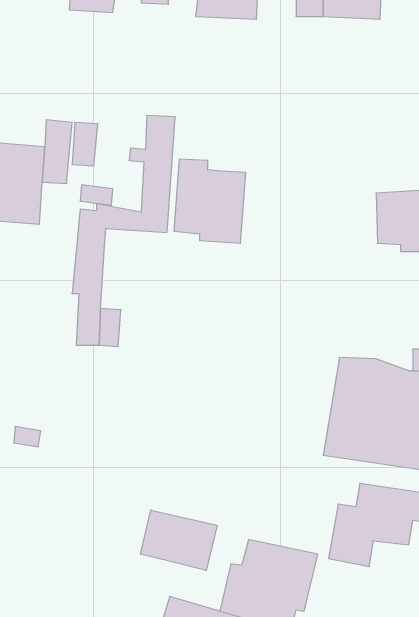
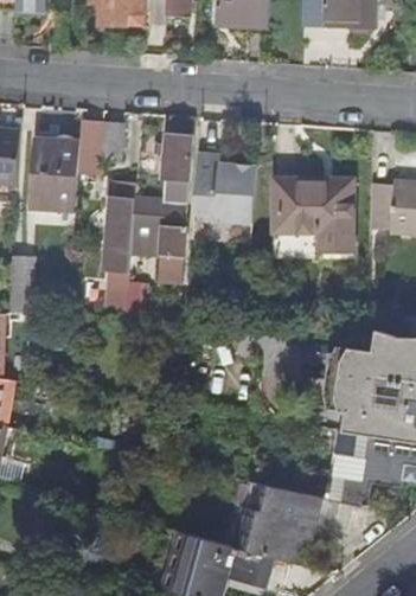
building: none -> [271,178,353,252]
building: none -> [132,213,186,280]
building: [141,510,217,571] -> none

